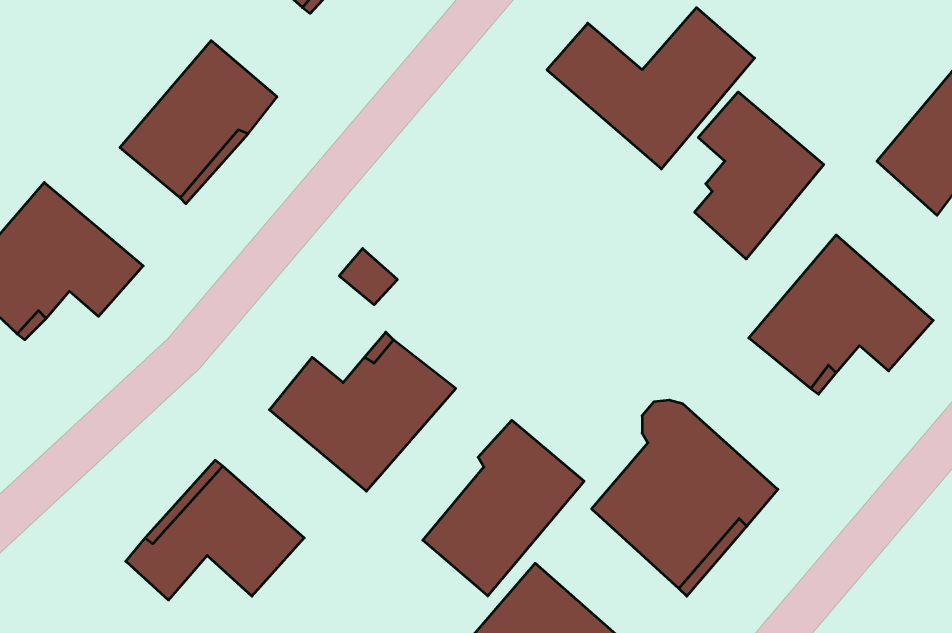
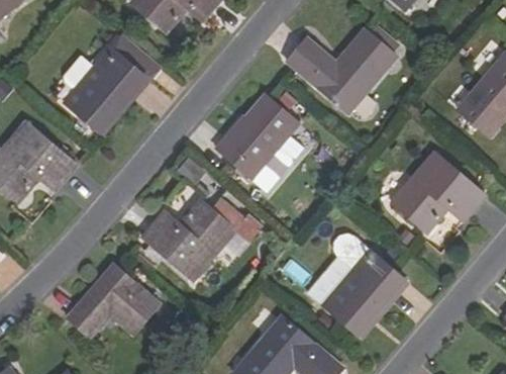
building: [695,92,824,259] -> none
building: none -> [216,96,300,193]
building: [423,420,584,596] -> none

